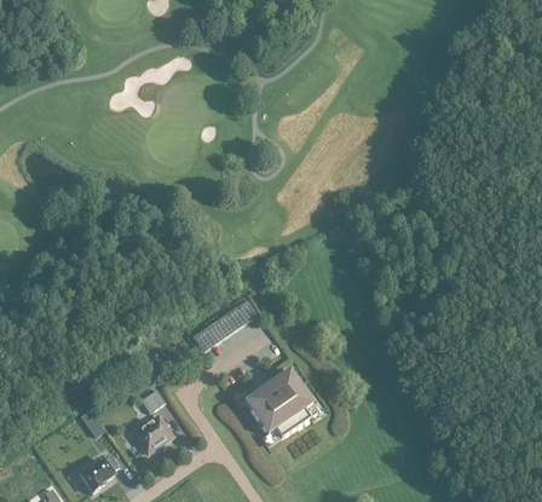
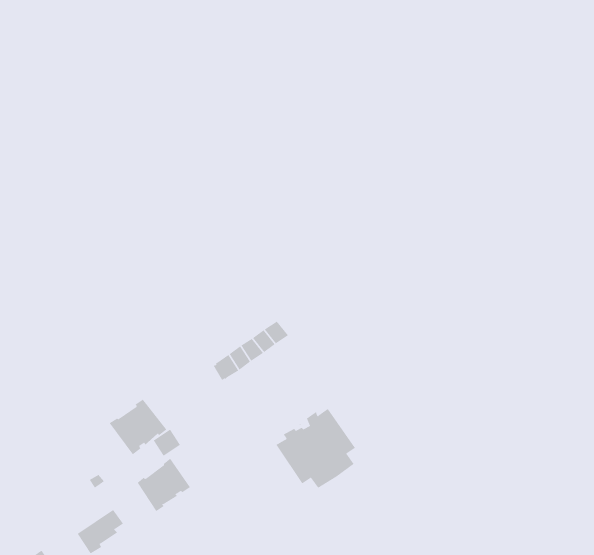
building: none -> [109,399,167,455]

